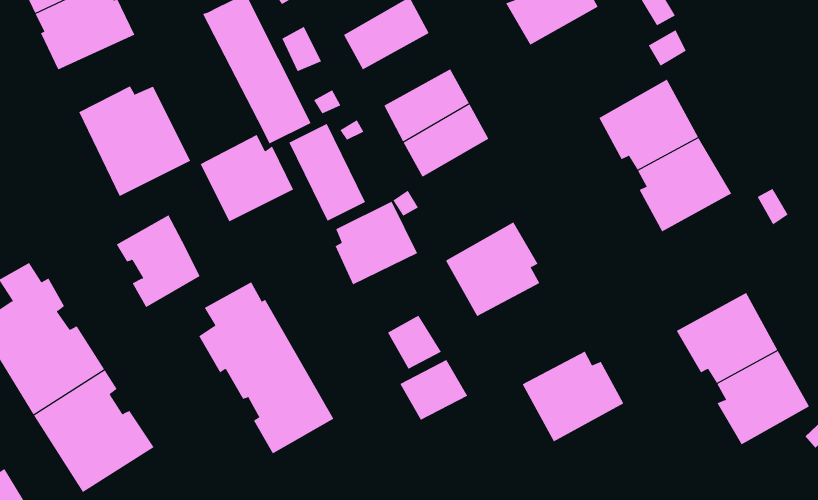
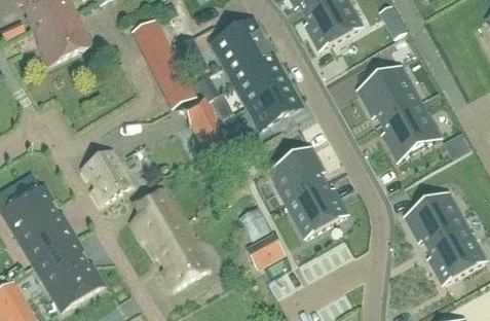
building: none -> [223,40,274,82]
building: [78,86,191,197] -> none
building: [200,134,294,222] -> none
building: [335,201,418,285] -> none
building: [522,351,624,442] -> [290,186,349,240]

